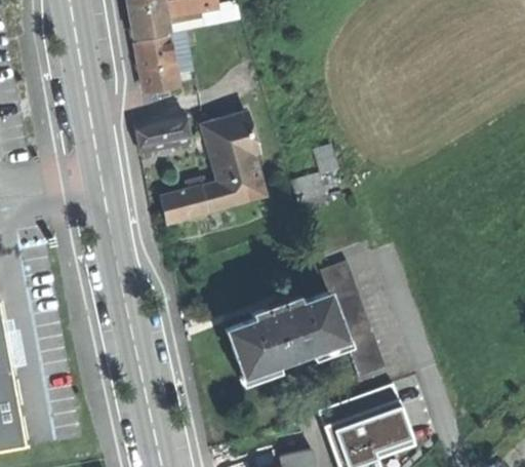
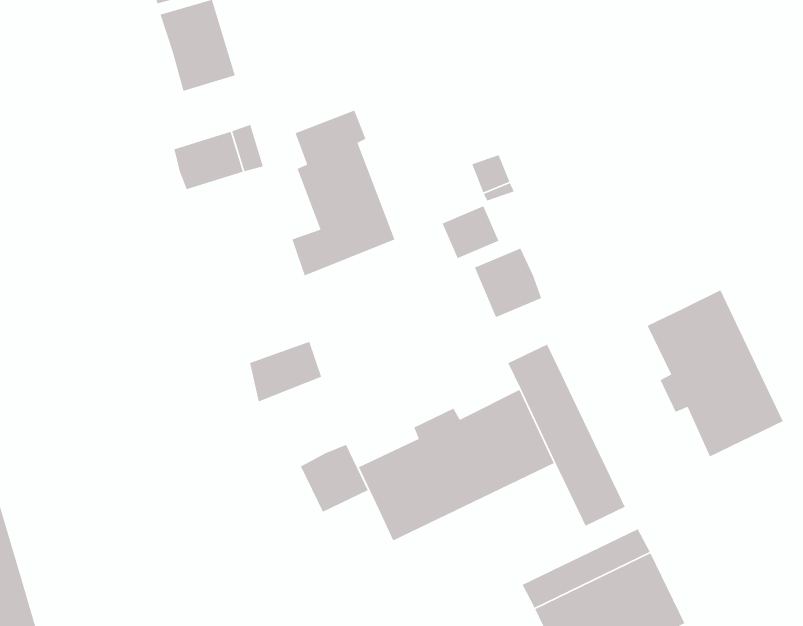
building: [162,189,205,223] -> [249,341,322,402]
building: none -> [474,247,542,318]
building: none -> [647,289,784,458]
building: none -> [300,444,369,513]

